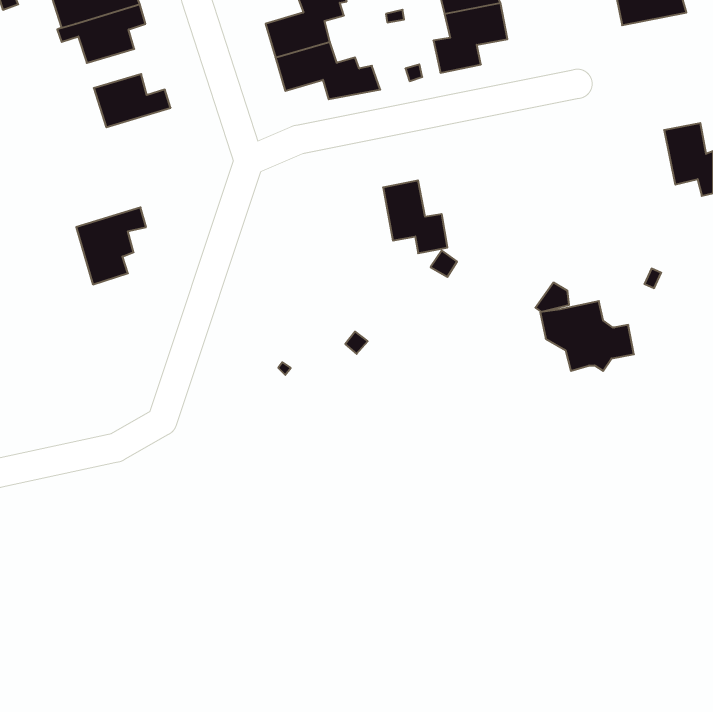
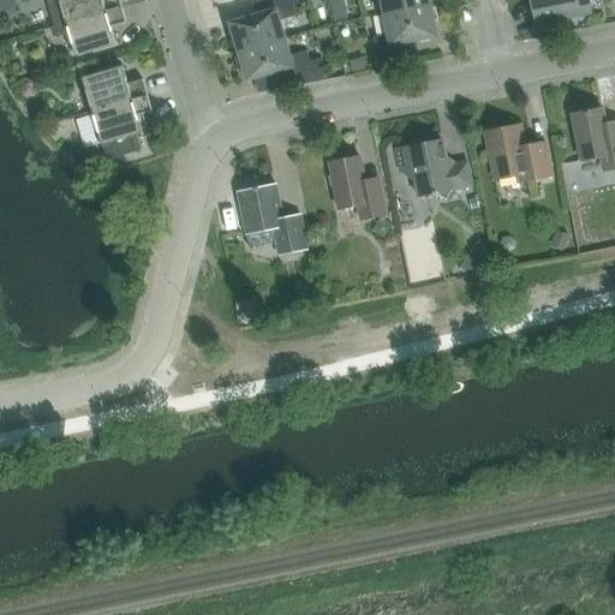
building: none -> [484,123,551,178]
building: [76,207,146,284] -> [91,92,151,159]
building: none -> [237,181,306,252]
building: [540,301,634,371] -> [390,138,471,198]

